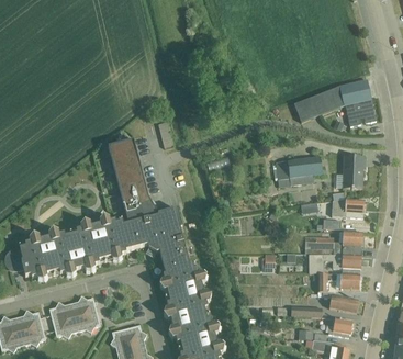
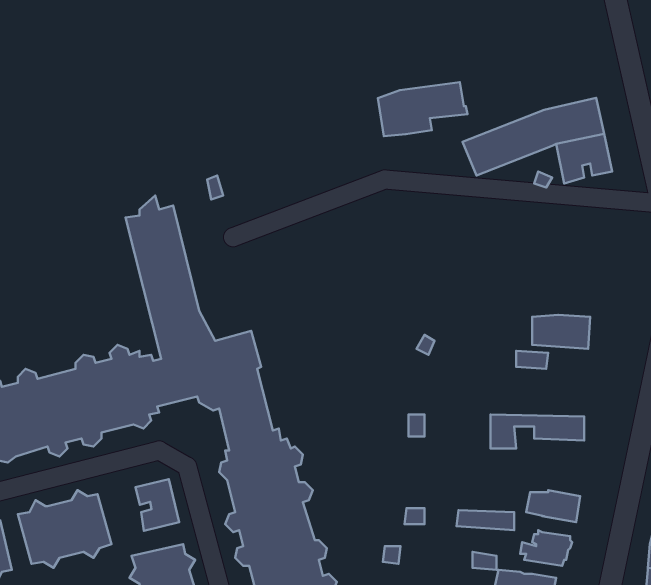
building: [336,155,366,189] -> none
building: [275,156,324,186] -> [378,82,468,136]
building: [304,231,361,255] -> none
building: [317,273,359,295] -> none
building: none -> [135,479,179,531]

